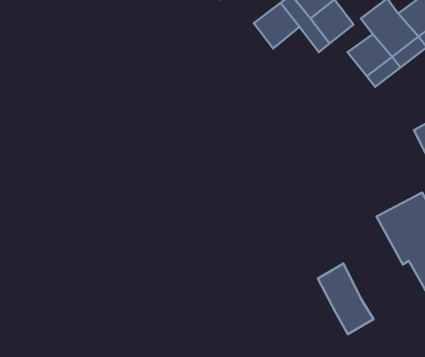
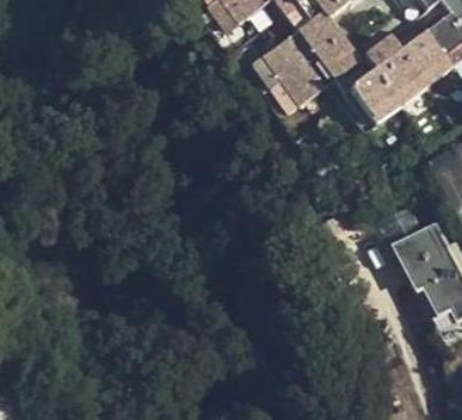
building: none -> [282,58,327,105]
building: [318,263,373,334] -> none

